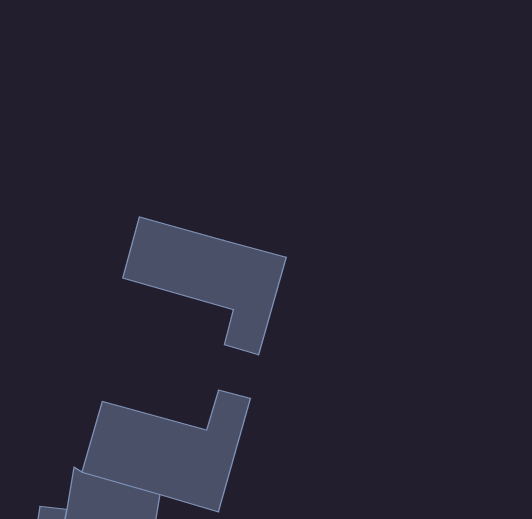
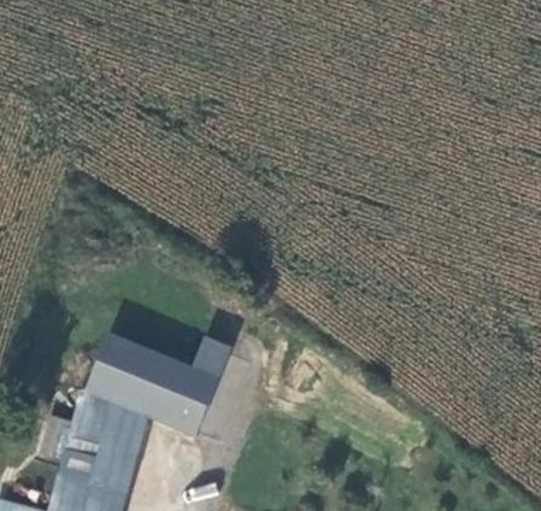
building: [123,217,286,355] -> none

